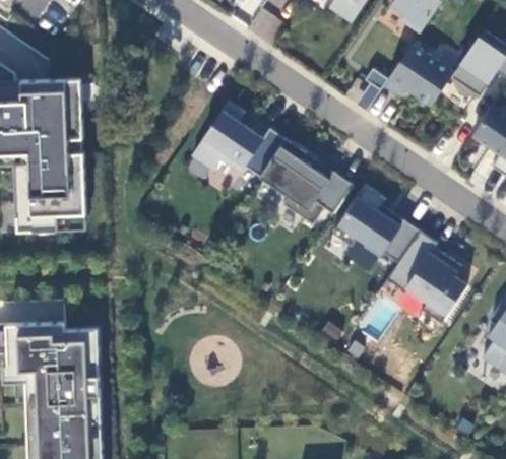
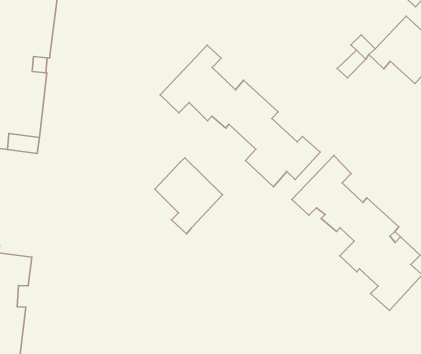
building: none -> [155,158,222,234]

